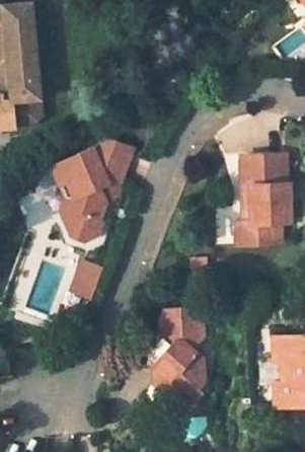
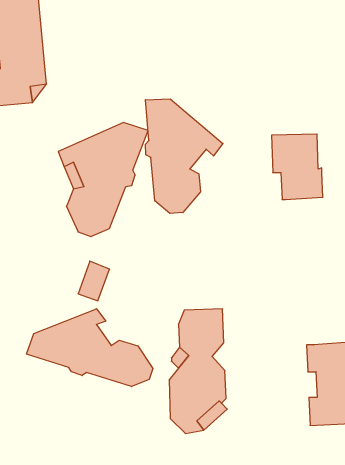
building: none -> [145,99,223,213]
building: [235,207,285,243] -> none
building: none -> [27,309,153,387]

